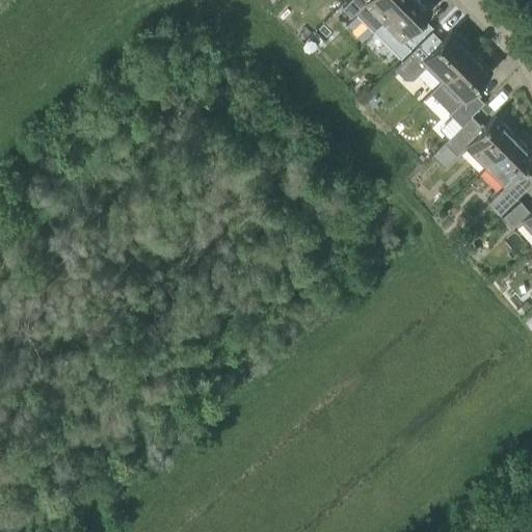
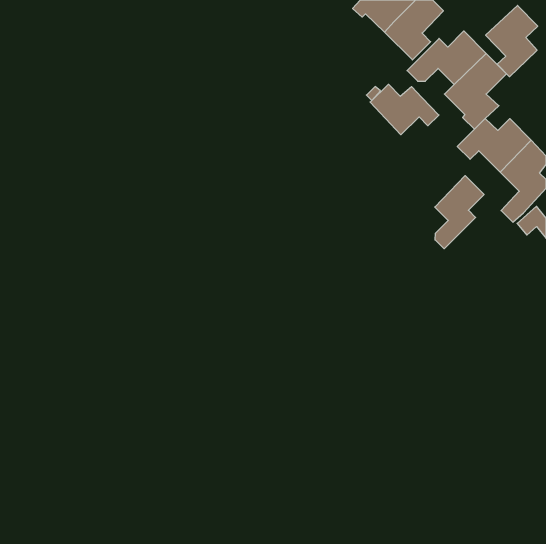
building: none -> [486,5,538,77]
building: none -> [370,84,439,135]
building: none -> [435,176,484,249]

